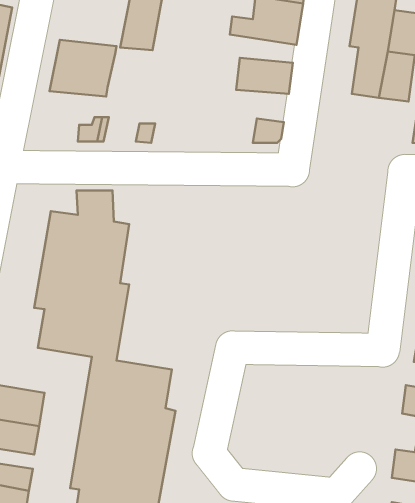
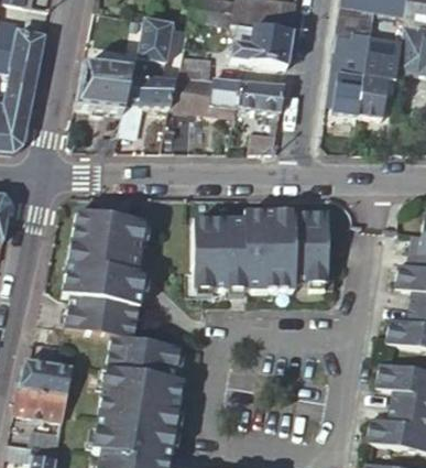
building: none -> [125,76,177,106]
building: none -> [194,76,239,107]
building: none -> [193,211,327,289]

